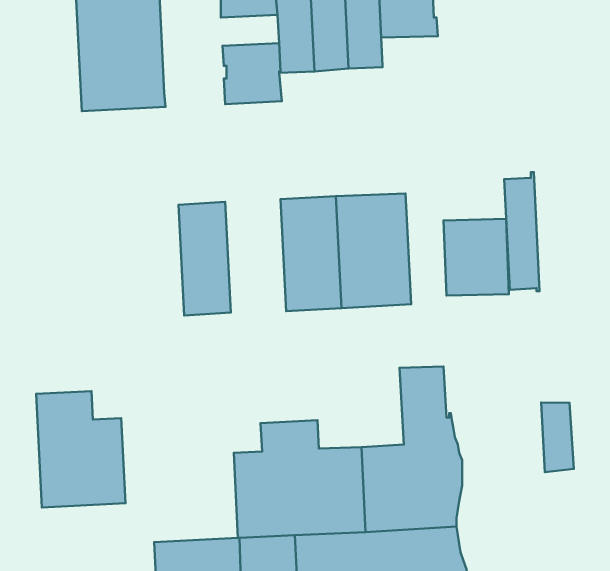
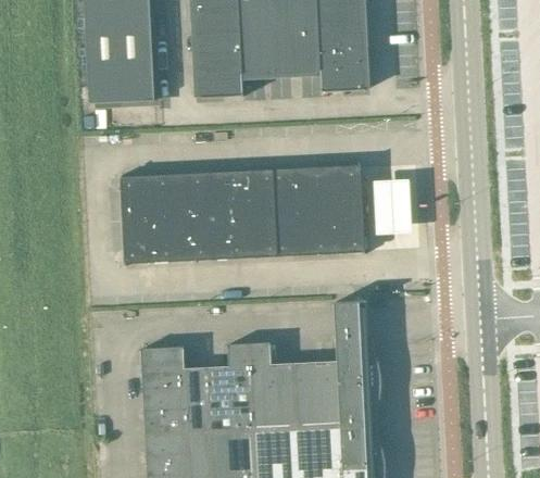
building: none -> [196,30,240,54]
building: none -> [318,47,364,92]
building: [504,172,539,291] -> [337,162,364,253]
building: none -> [199,172,246,259]
building: none -> [118,175,167,266]
building: [36,391,125,507] -> [140,345,209,435]
building: [541,403,574,472] -> none

